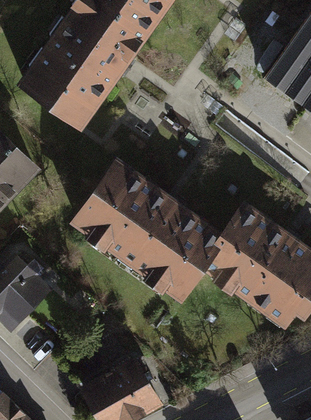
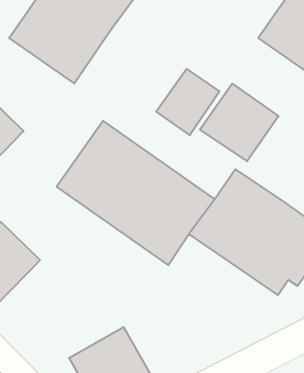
building: none -> [156,69,219,135]
building: none -> [200,84,279,161]

